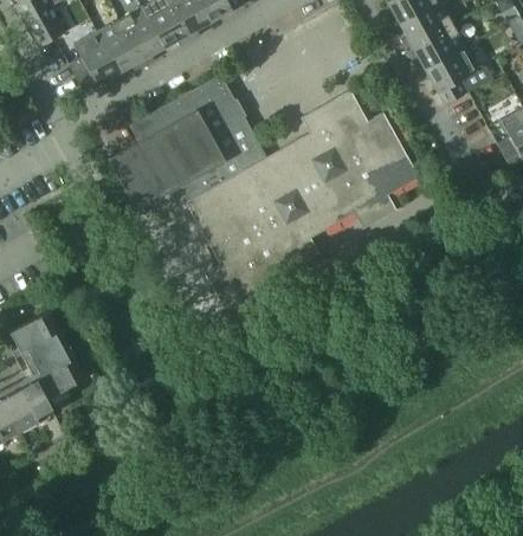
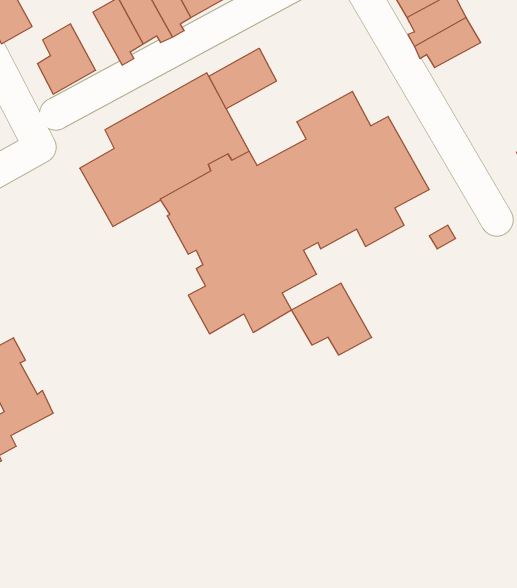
building: [98,19,144,71] -> none
building: [424,46,491,105] -> none
building: none -> [209,48,276,109]
building: none -> [292,283,372,355]

